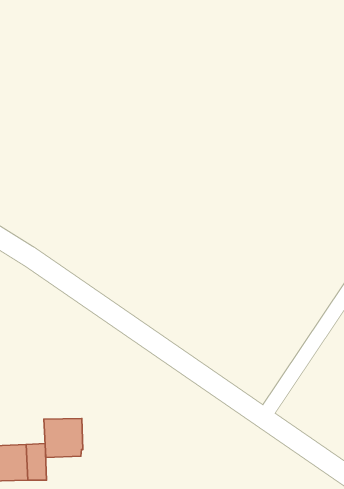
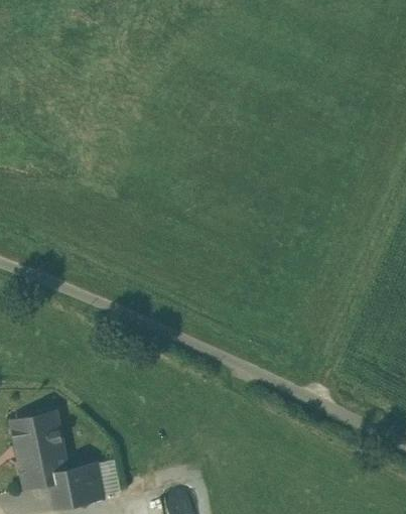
building: [44,418,83,458] -> none

